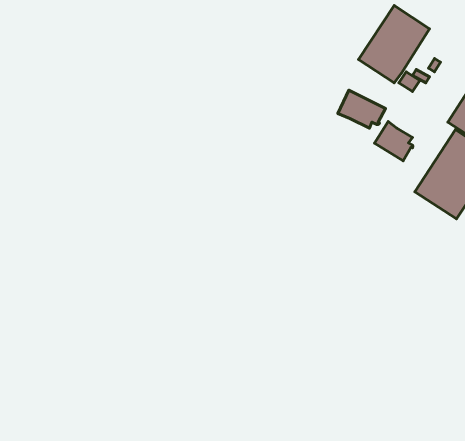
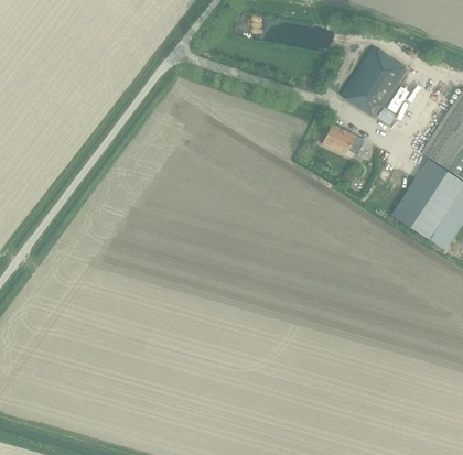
building: [374,122,413,161] -> none

